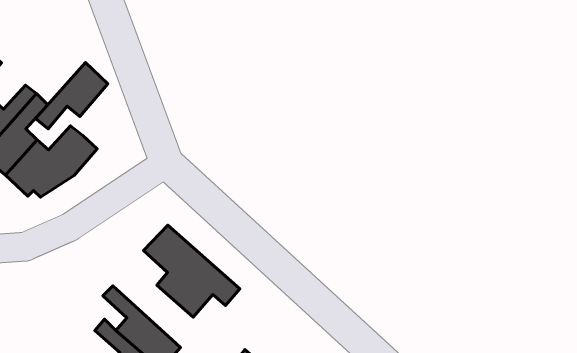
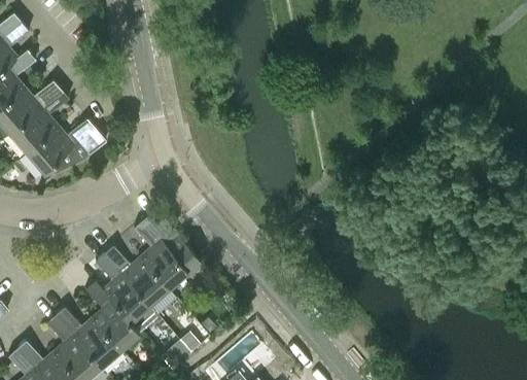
building: [36,62,108,129] -> none
building: none -> [104,246,167,305]

